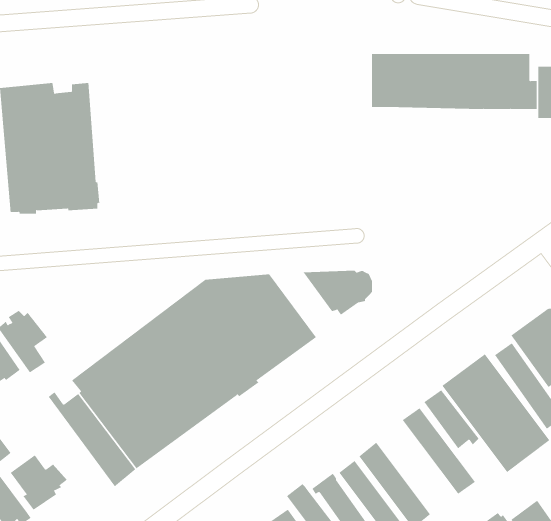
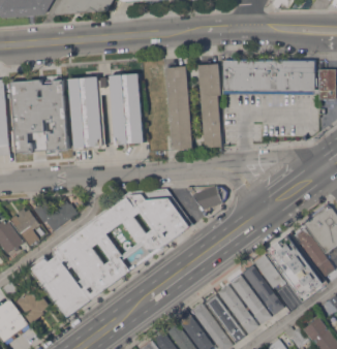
building: none -> [197,63,223,148]
building: none -> [165,66,191,150]
building: none -> [68,73,143,150]
building: none -> [33,199,76,231]
building: none -> [26,258,76,319]
building: none -> [228,275,271,324]

